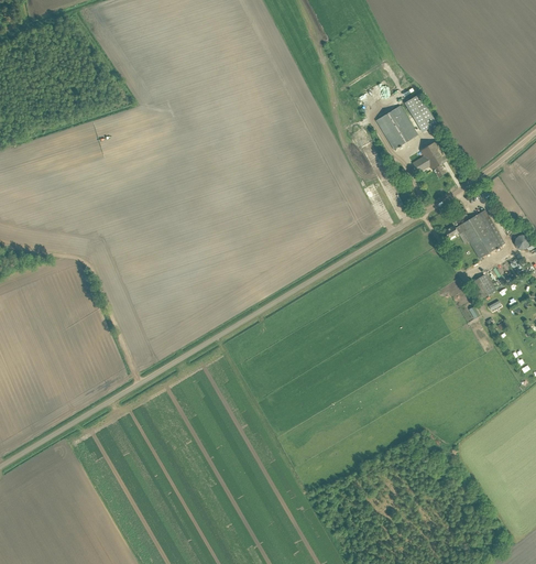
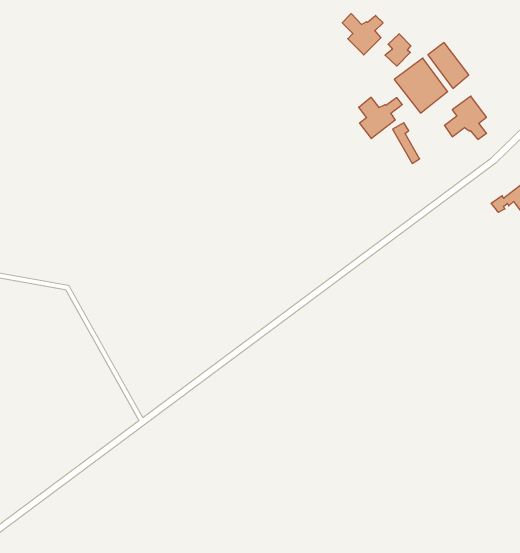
building: none -> [342,14,383,55]
building: none -> [359,97,402,139]

